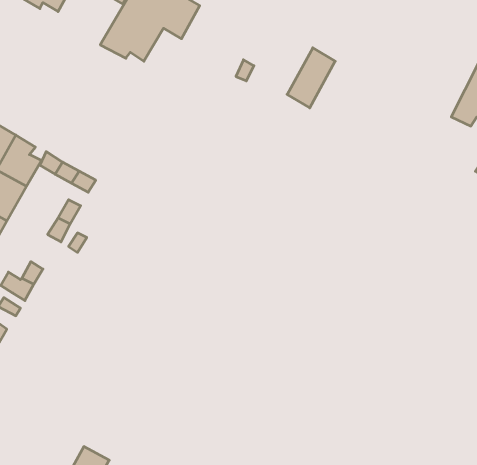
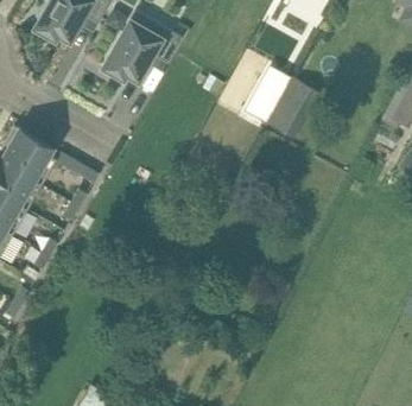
building: none -> [266,77,315,133]

